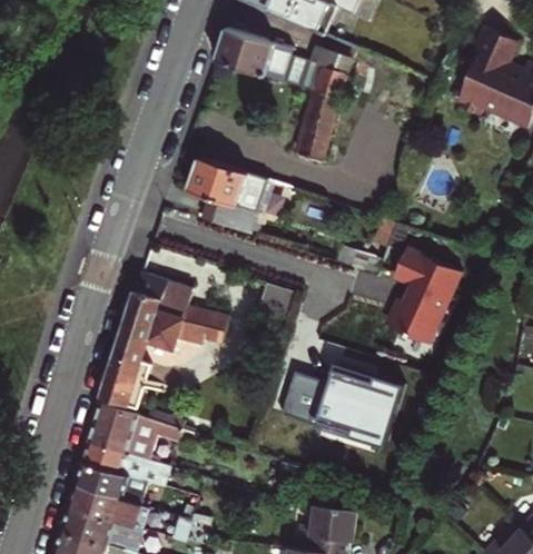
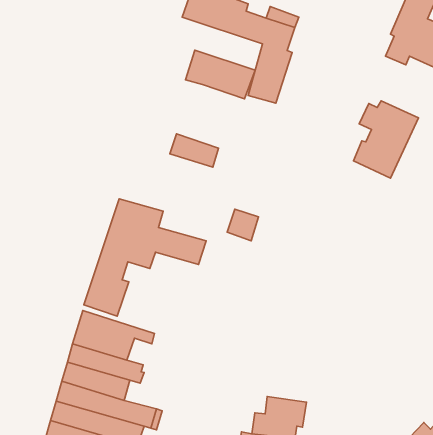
building: [187,156,268,212] -> [185,50,255,99]
building: [387,255,463,345] -> [353,101,418,178]
building: [282,365,405,458] -> none

